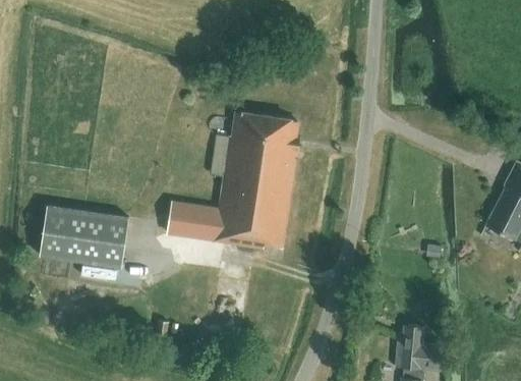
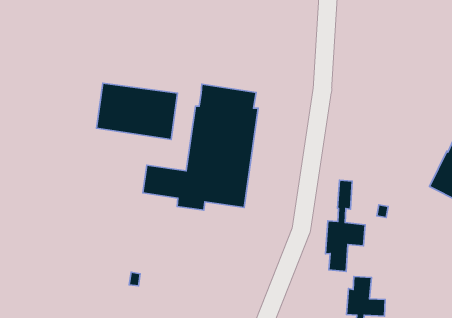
building: [40,205,129,267] -> [97,83,178,139]
building: none -> [325,180,365,271]

